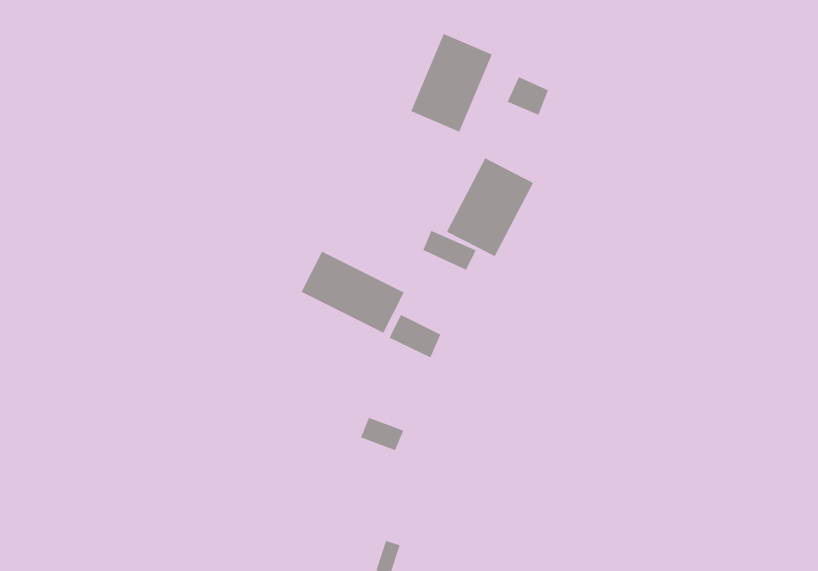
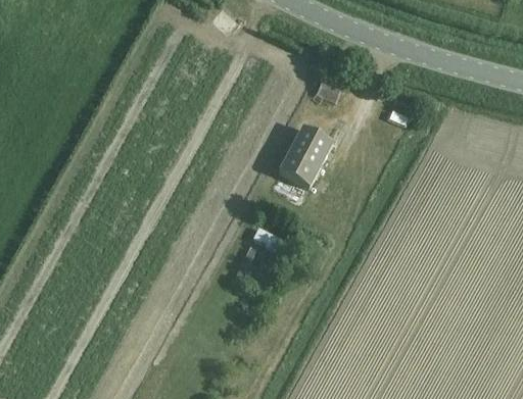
building: [411,33,493,132] -> none
building: [301,251,405,334] -> none

